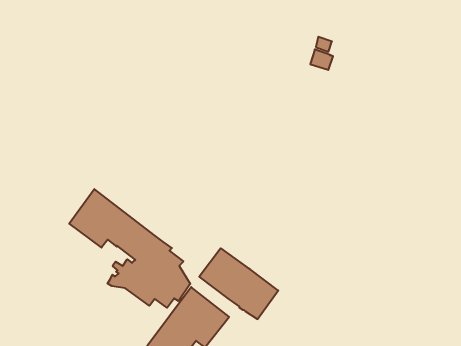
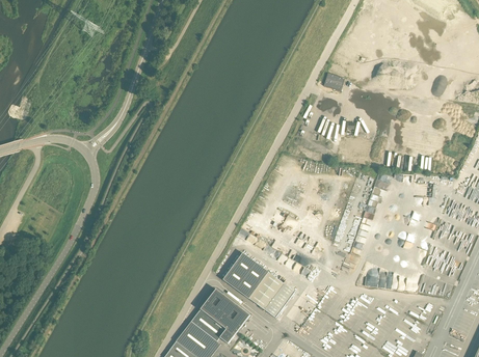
building: [69,189,190,308] -> none

